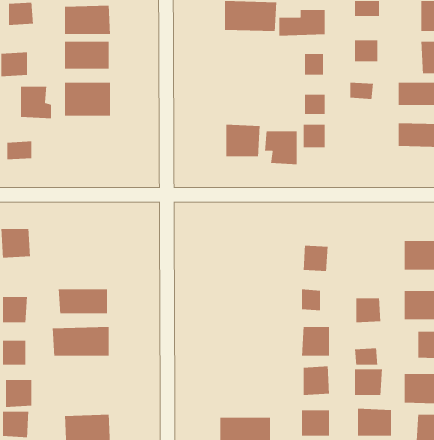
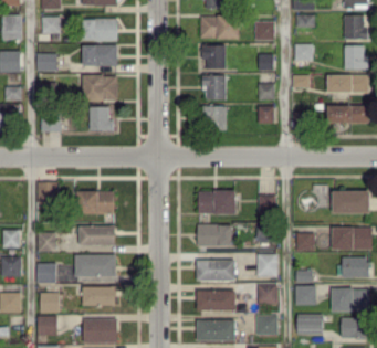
building: none -> [201,45,226,68]
building: [20,86,52,119] -> [90,107,113,131]
building: [264,130,297,165] -> [201,75,226,101]
building: none -> [198,190,235,214]
building: none -> [76,191,115,214]
building: none -> [197,224,232,247]
building: none -> [197,260,235,281]
building: none -> [83,286,116,306]
building: none -> [197,291,235,310]

